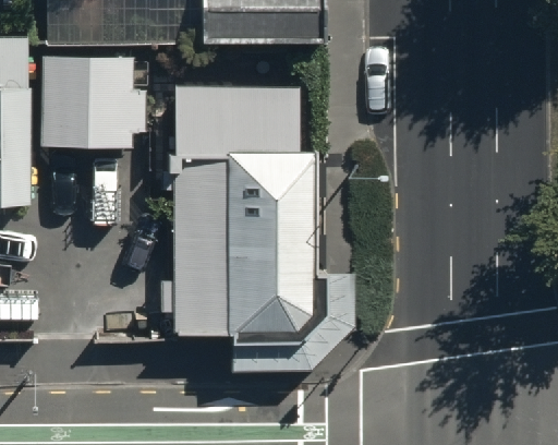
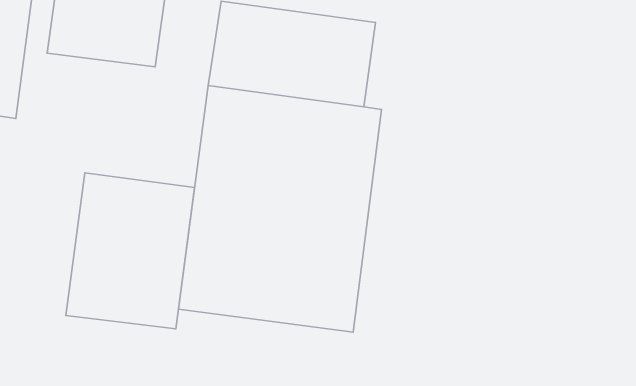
building: none -> [66,173,195,329]

